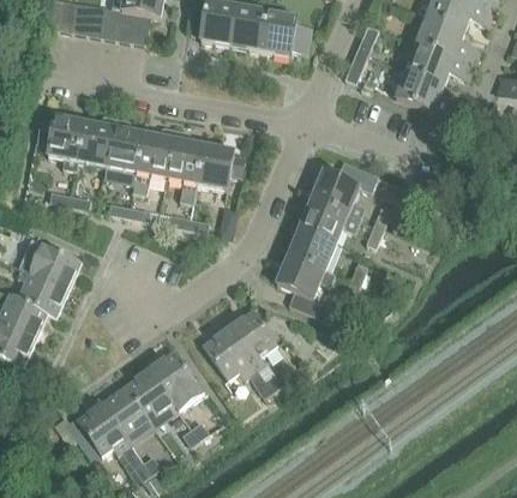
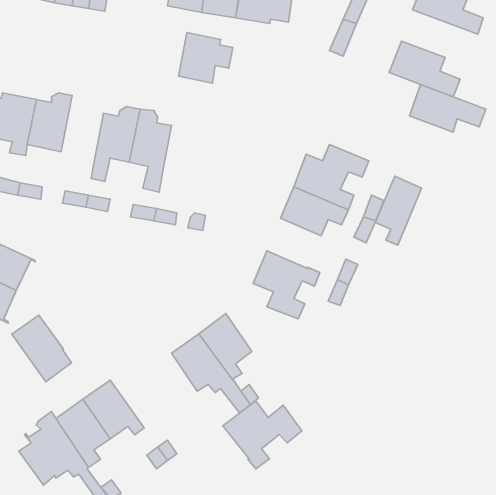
building: [407,42,474,84] -> [410,85,486,132]
building: [107,118,144,184] -> none
building: [197,144,245,188] -> [179,33,233,83]
building: none -> [375,176,421,245]
building: [288,226,336,270] -> none
building: [150,352,203,410] -> [12,315,72,382]
building: none -> [223,401,302,469]

